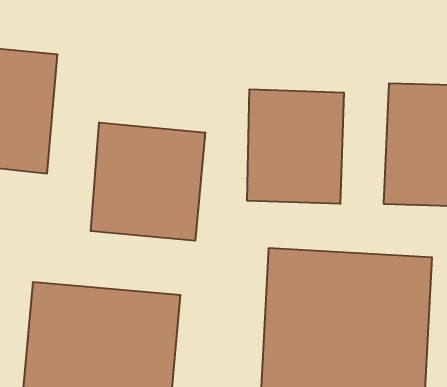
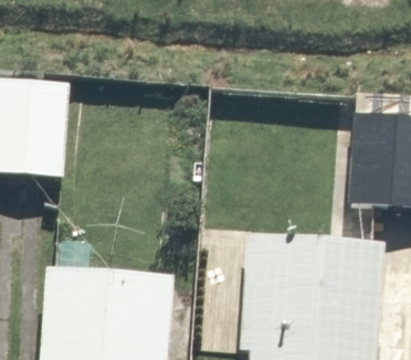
building: [247,89,344,204] -> none
building: [91,122,205,241] -> none

